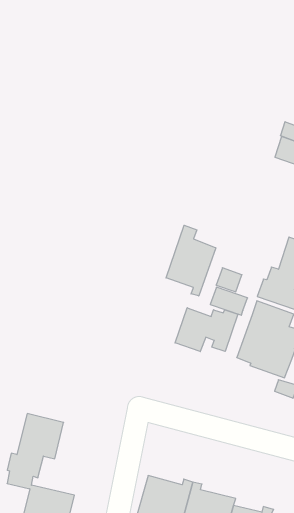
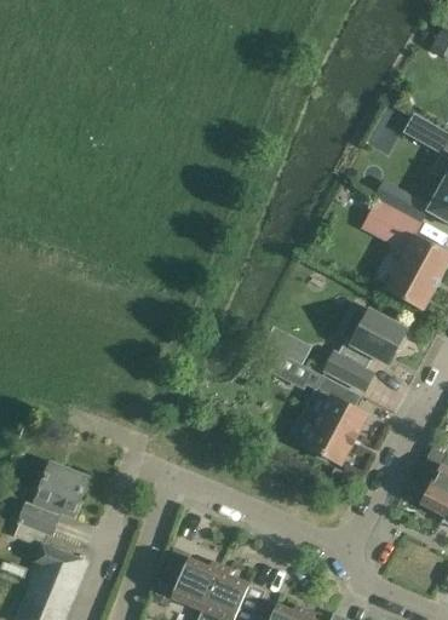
building: [166,225,216,296] -> none
building: [175,308,238,352] -> none

